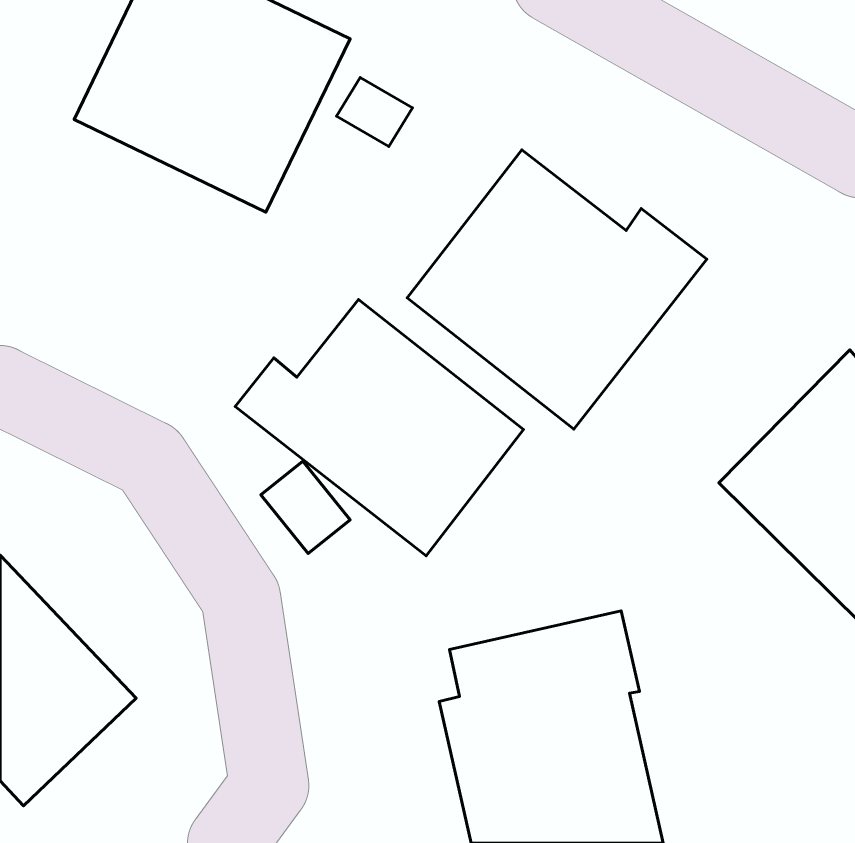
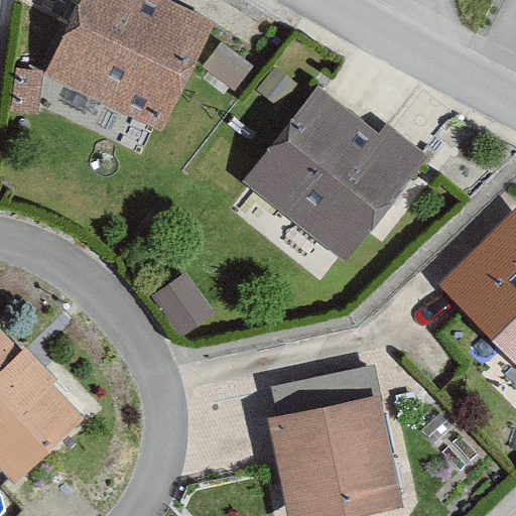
building: [235,299,524,556] -> none

